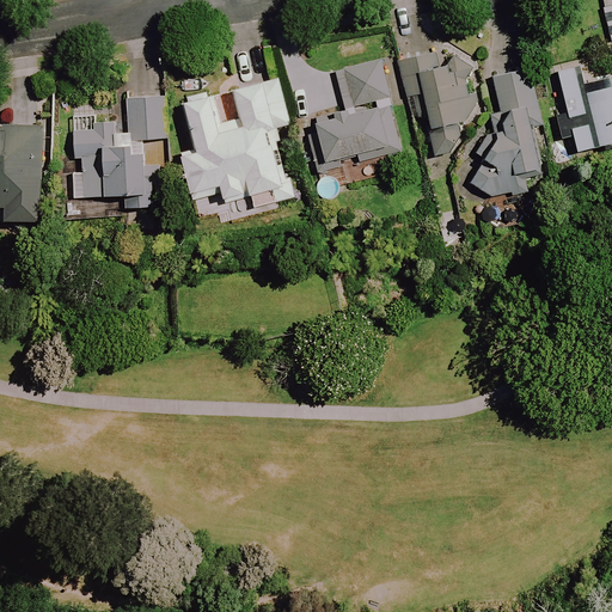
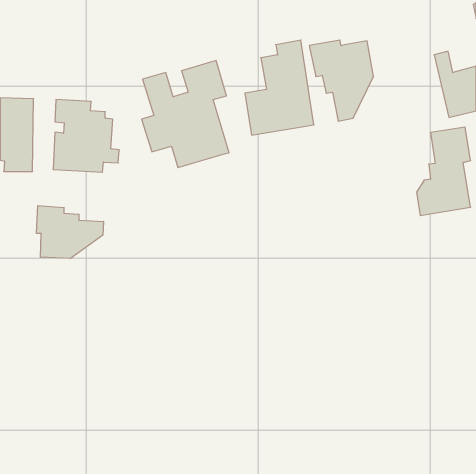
building: [475,66,544,179] -> [417,127,471,216]
building: [127,92,167,139] -> none
building: none -> [37,206,103,259]

